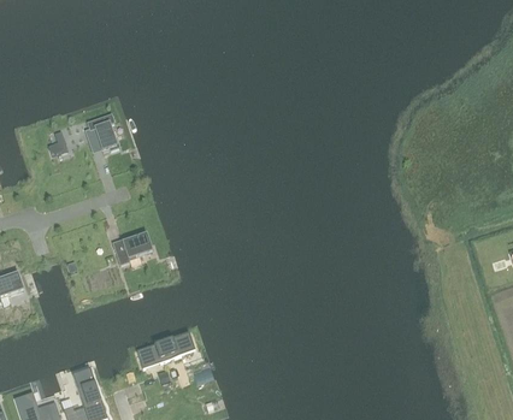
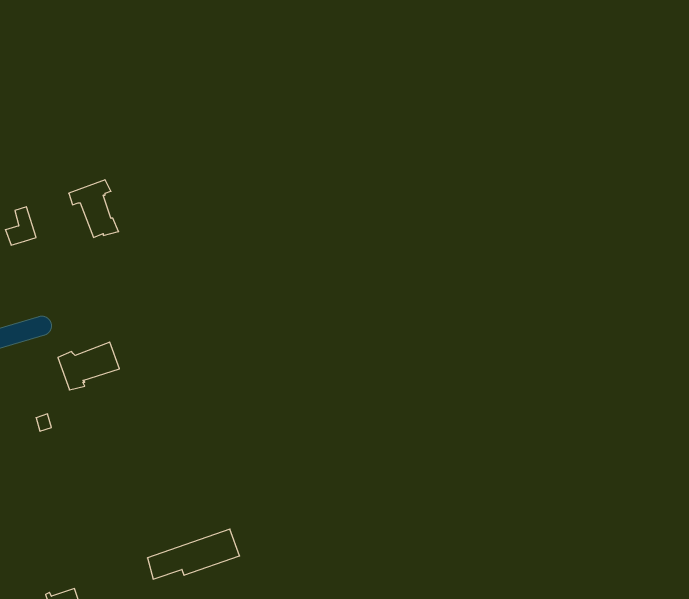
building: [113,233,152,264] -> [58,342,119,390]

